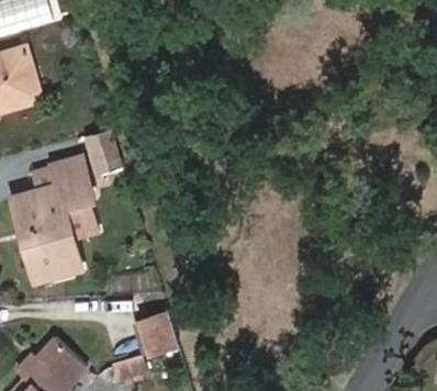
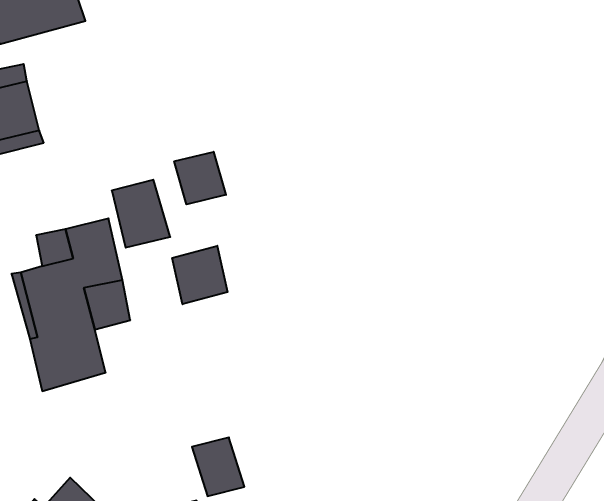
building: none -> [174,152,226,204]
building: none -> [172,246,228,304]

